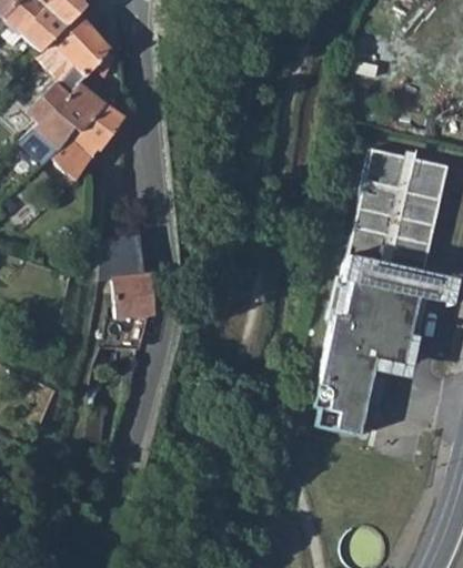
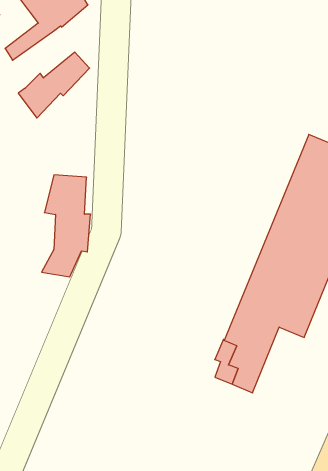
building: [33,82,104,150] -> none

